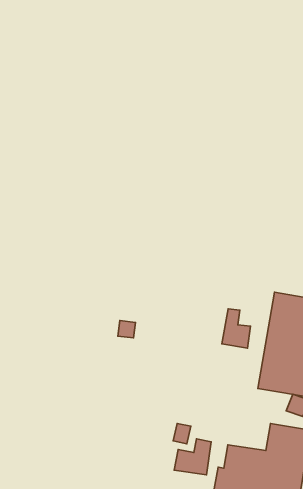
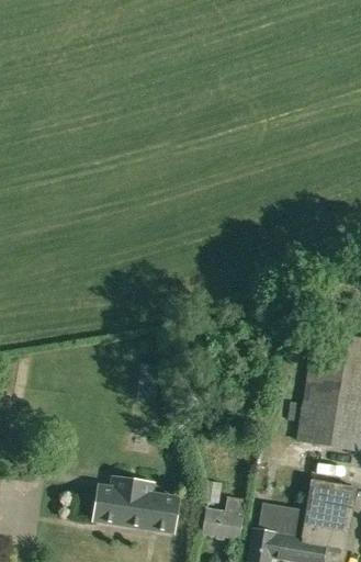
building: [222,309,250,348] -> none
building: none -> [93,479,178,532]

